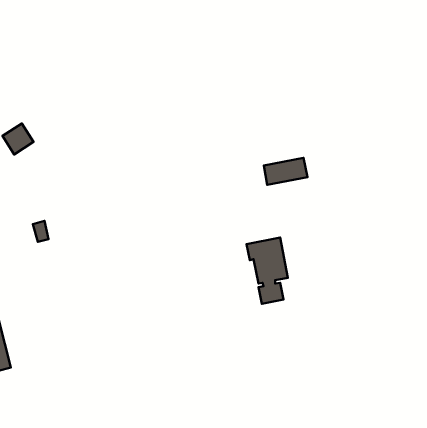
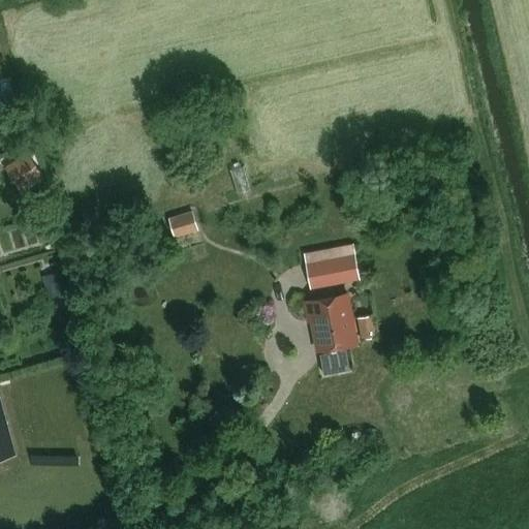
building: [264,158,308,185] -> [305,254,359,287]
building: none -> [166,211,197,238]

